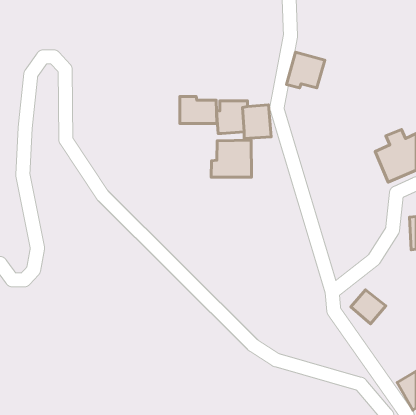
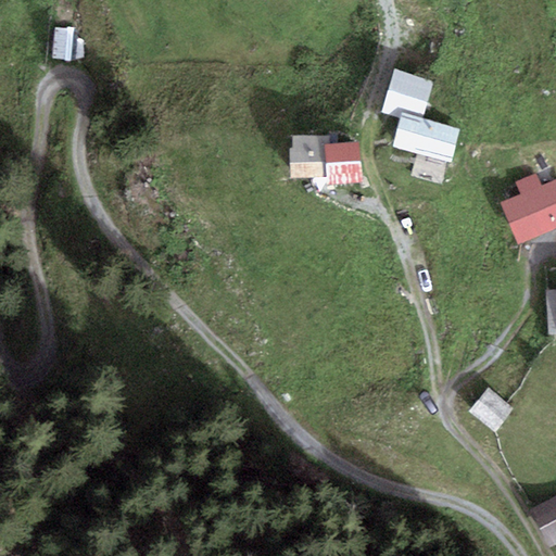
building: none -> [392,112,459,163]
building: [180,96,217,124] -> none
building: [211,140,251,177] -> none

